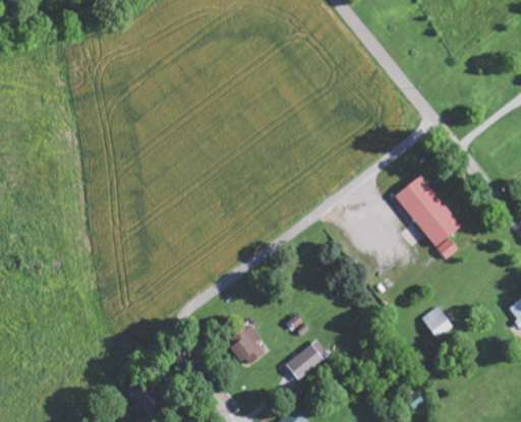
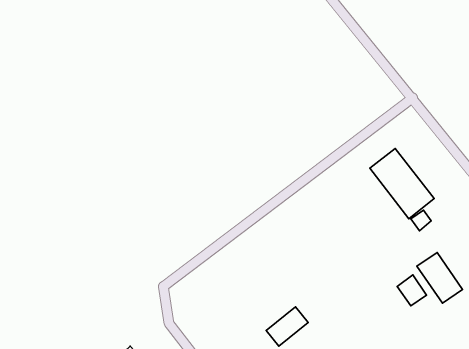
building: none -> [417,252,463,303]
building: [227,324,265,365] -> none

